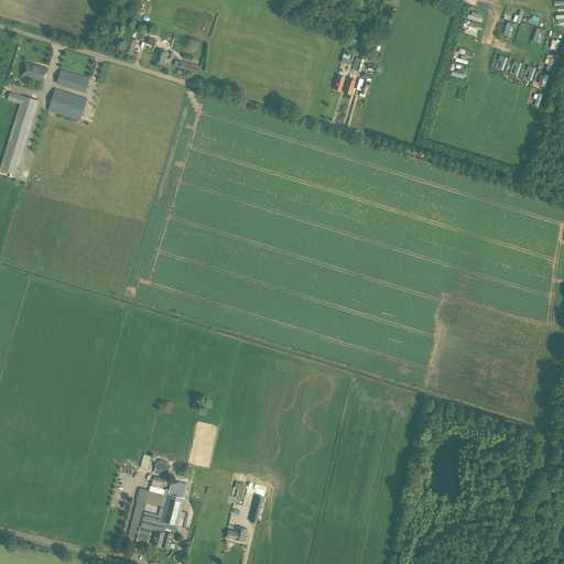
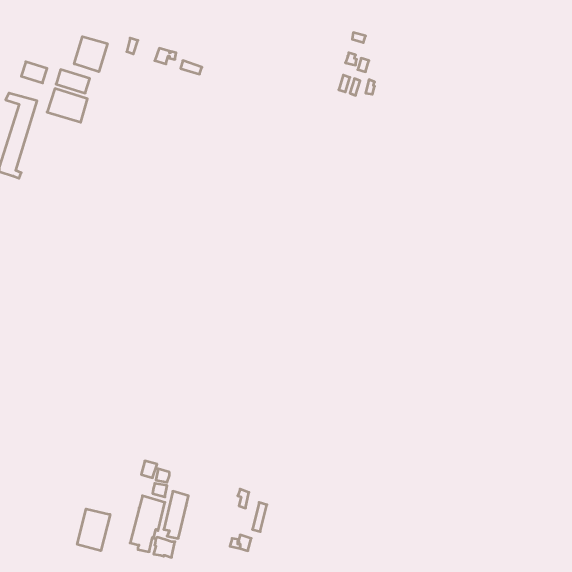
building: none -> [74,37,107,72]
building: none -> [77,509,110,551]

